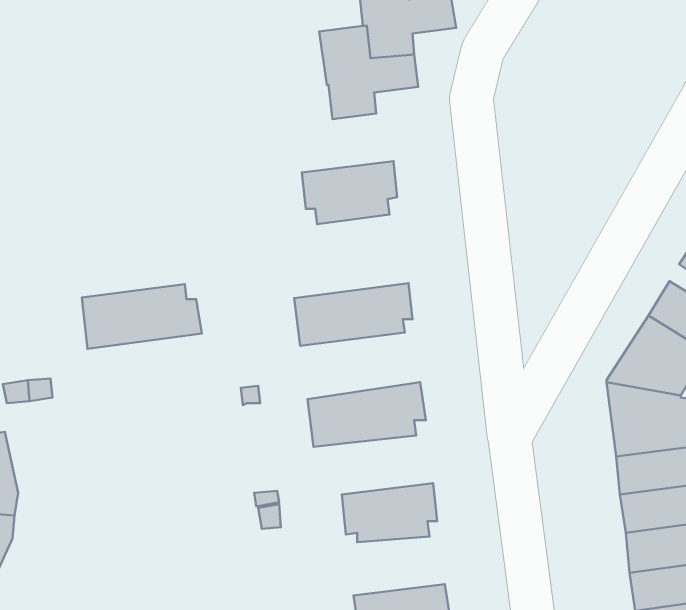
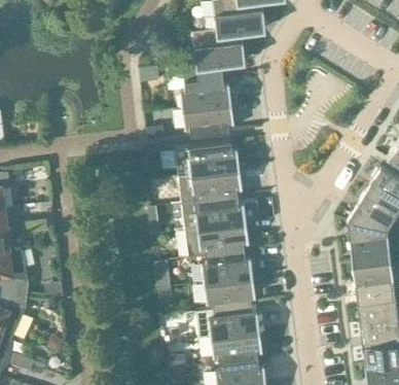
building: none -> [179,62,231,109]
building: [82,284,202,349] -> [175,142,240,177]
building: none -> [181,196,259,232]
building: none -> [202,251,253,283]
building: none -> [195,306,259,339]

